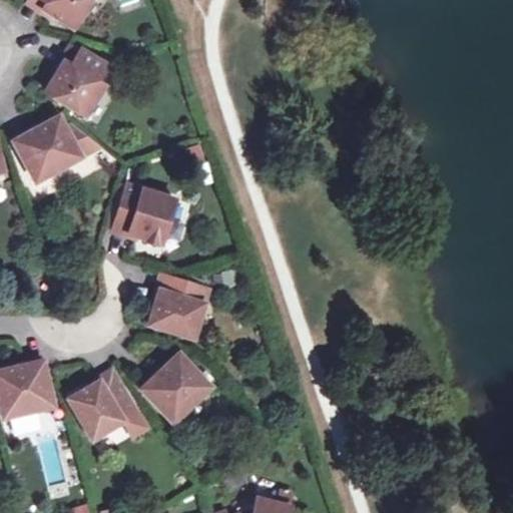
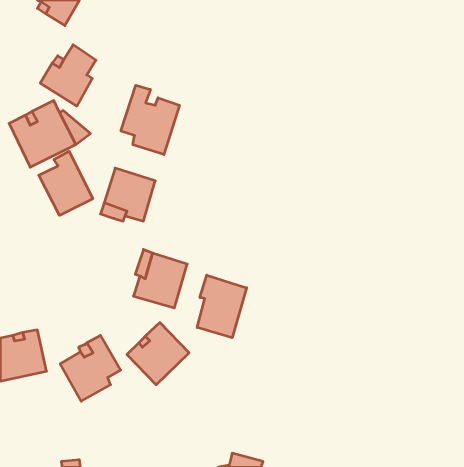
building: none -> [121,85,179,155]
building: none -> [39,151,93,215]
building: none -> [197,275,247,338]

